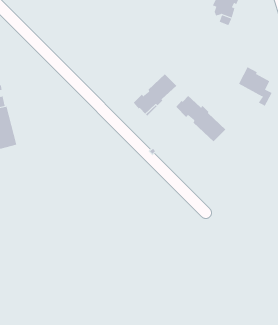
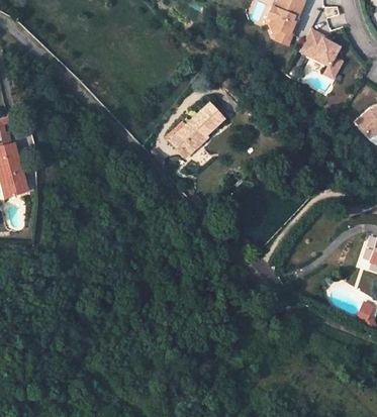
building: [238,66,273,107] -> [299,29,342,79]
building: [176,95,226,142] -> none

